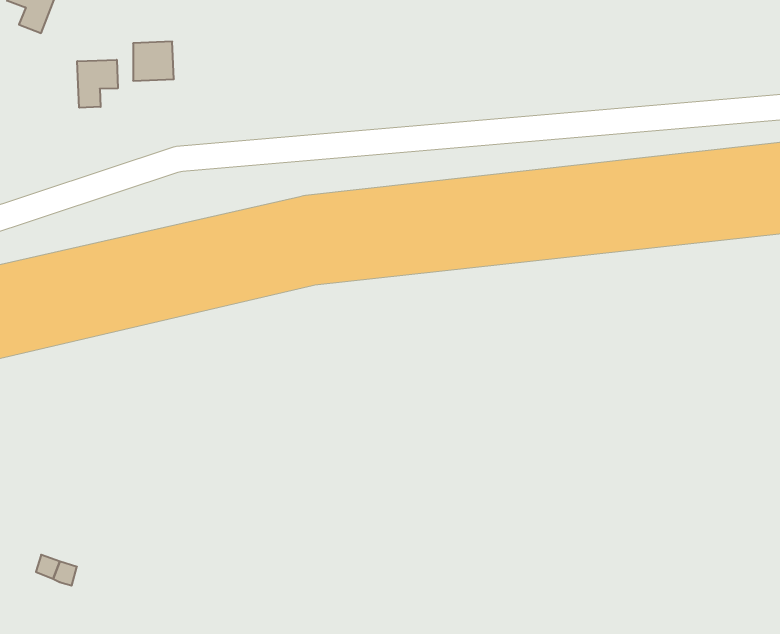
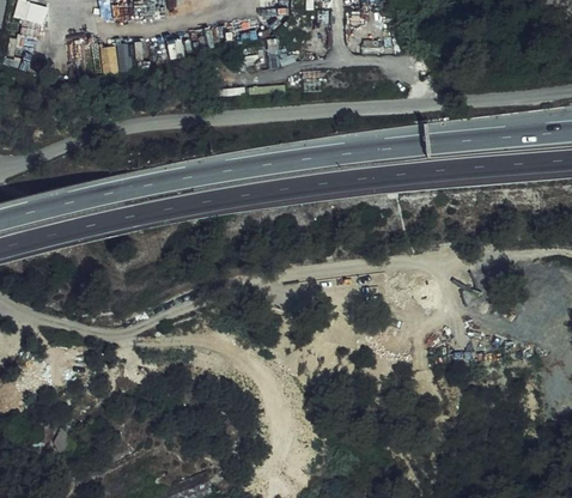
building: [77,60,118,108] -> none

